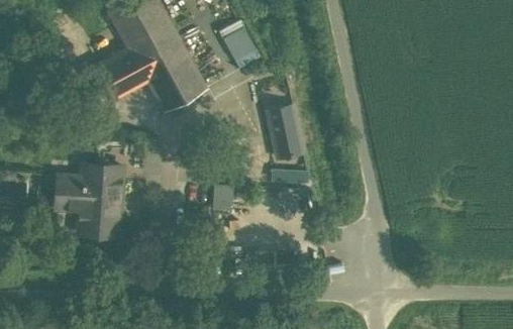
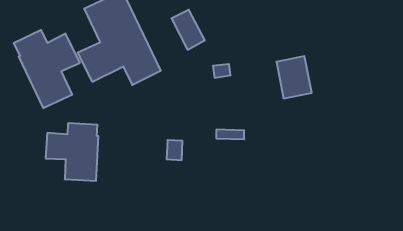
building: none -> [14,30,80,108]
building: [265,108,309,161] -> [276,56,312,98]

